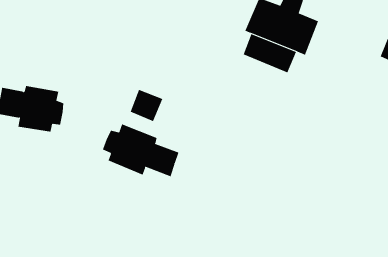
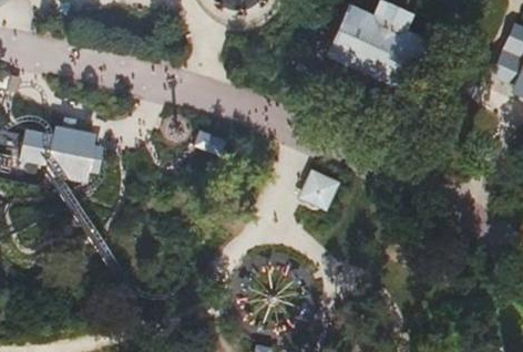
building: none -> [298,166,341,208]
building: [102,124,179,177] -> none

